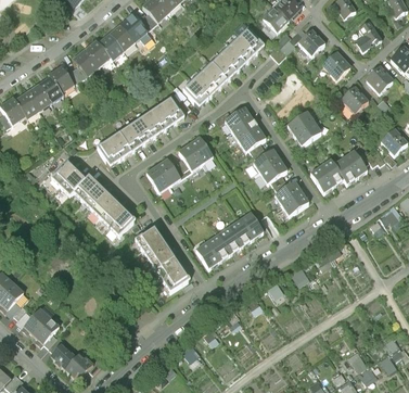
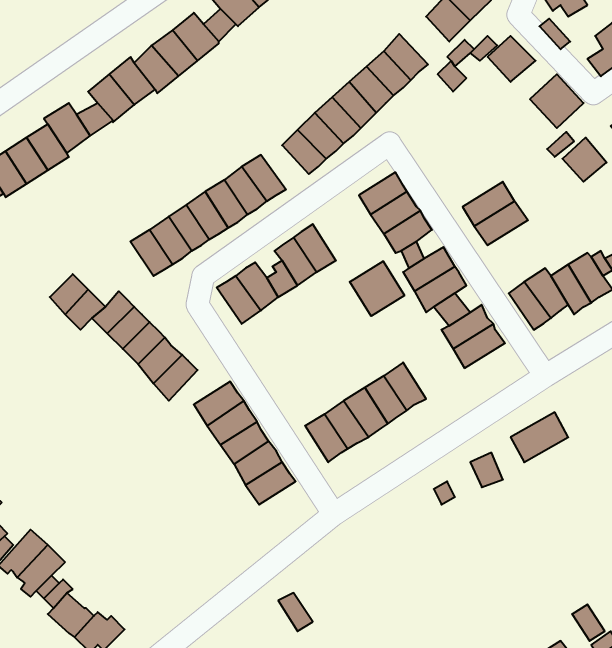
building: none -> [350,261,404,316]

